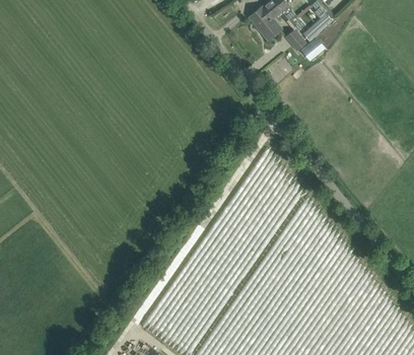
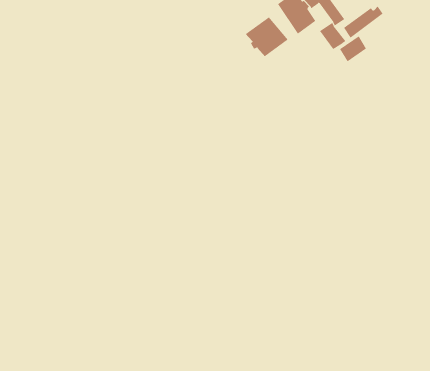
building: none -> [245,16,289,57]

